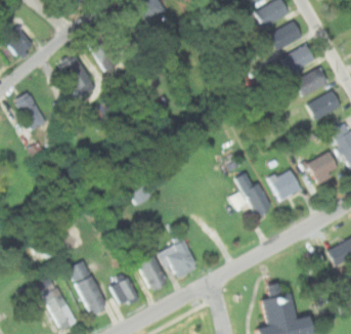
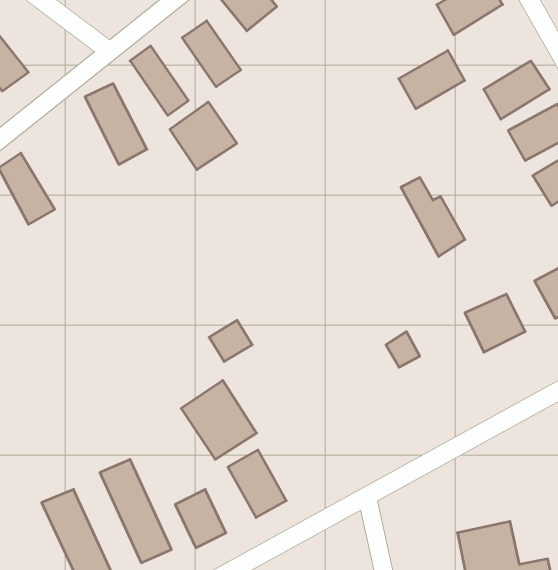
building: [266,19,302,51] -> [399,50,465,109]
building: none -> [182,21,241,87]
building: none -> [170,102,237,170]
building: [235,173,270,216] -> [401,178,465,257]
building: [158,238,199,281] -> [181,380,257,459]

